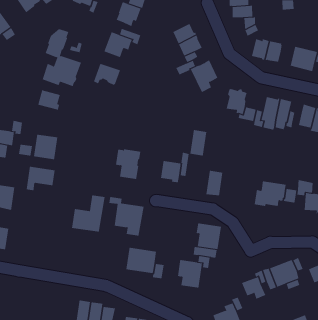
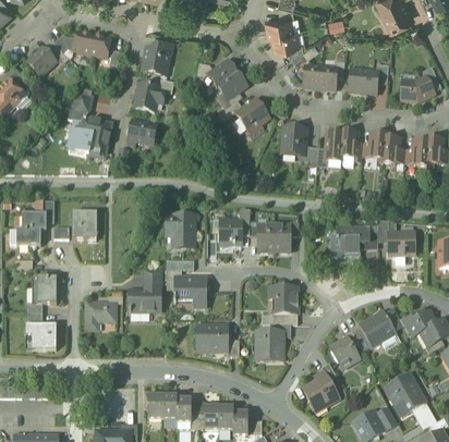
building: [38,89,60,111] -> none
building: [190,130,207,156] -> [257,224,274,253]
building: [26,166,55,191] -> [85,303,116,330]

